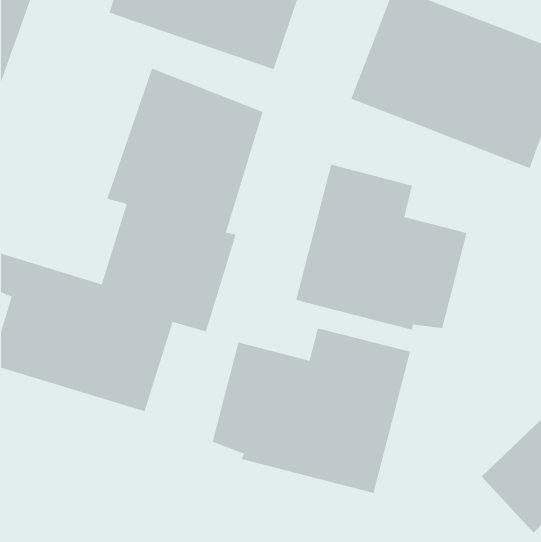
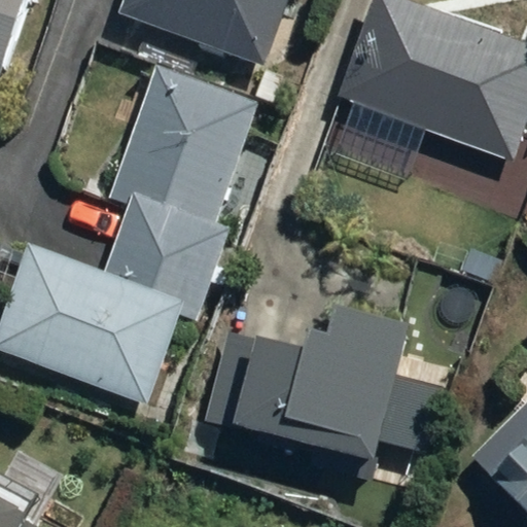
building: [295,164,467,331] -> none

